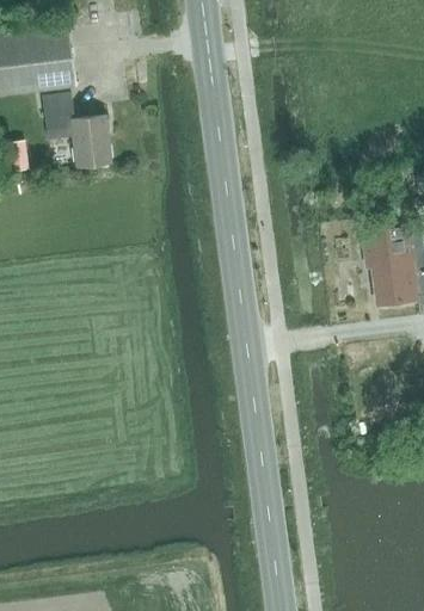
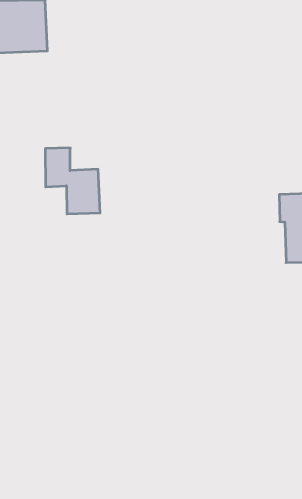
building: [43,93,113,169] -> [45,148,100,214]

